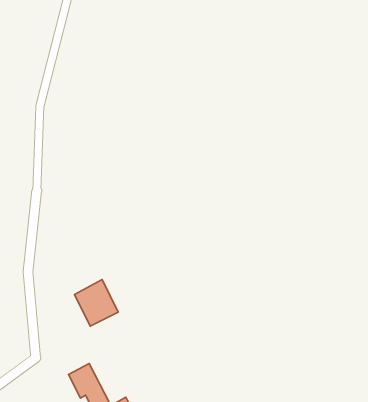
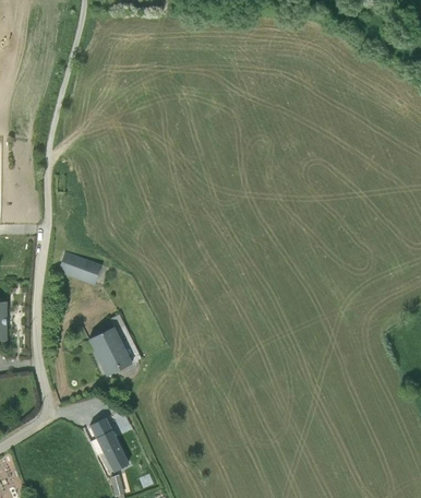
building: none -> [58,252,103,286]

